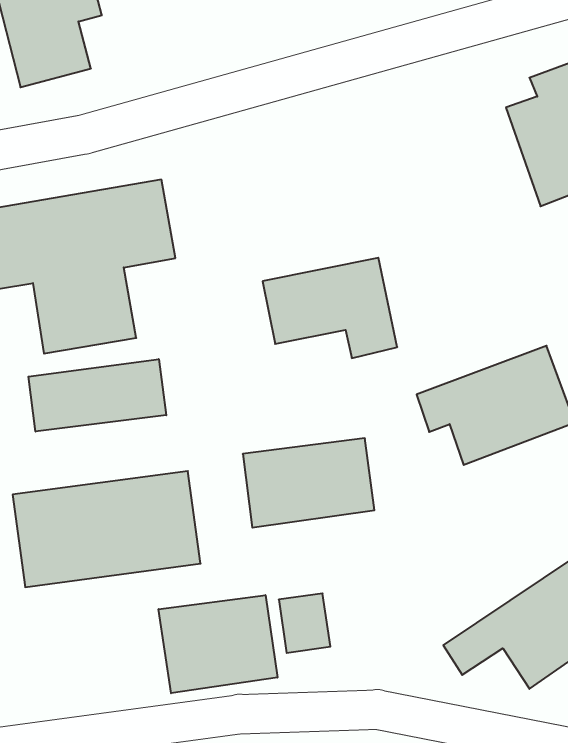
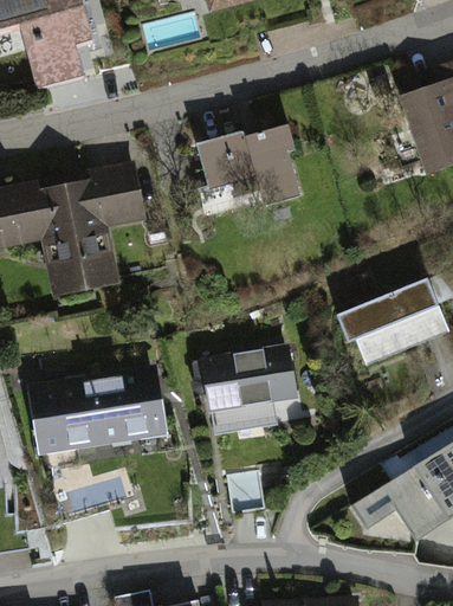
building: [263,258,397,358] -> [200,125,302,201]
building: [28,359,166,432] -> none
building: [159,595,277,693] -> none

